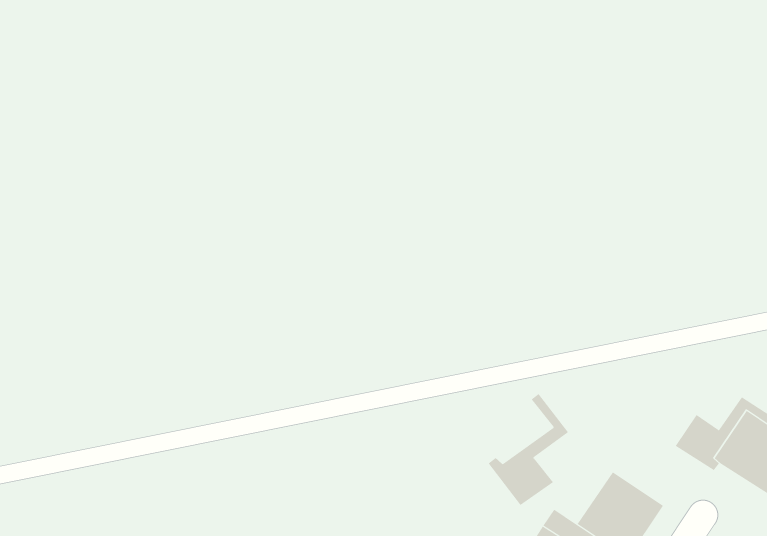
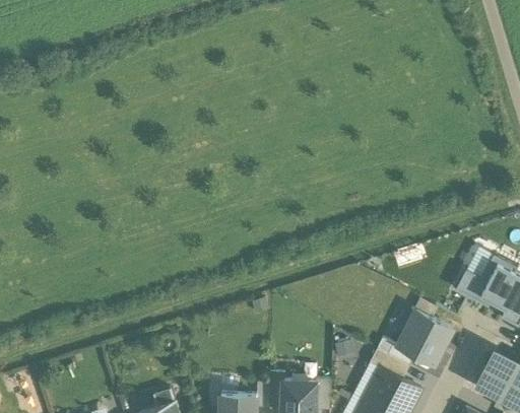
building: [488,393,569,506] -> none

